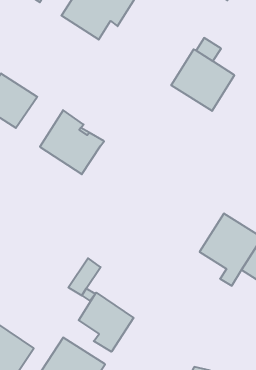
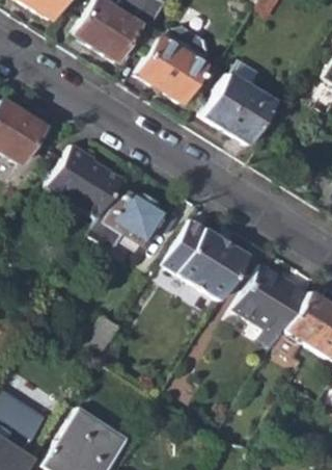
building: none -> [139,27,211,103]
building: none -> [88,185,166,250]
building: none -> [163,219,251,303]
building: [79,293,134,352] -> none

